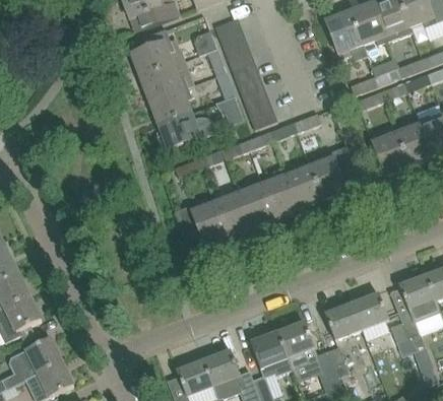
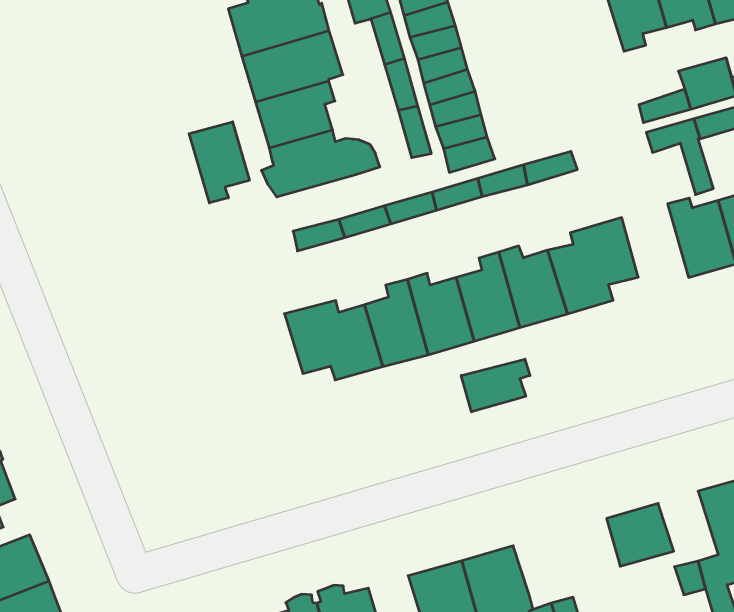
building: none -> [189,122,249,203]
building: none -> [461,359,530,412]
building: [324,304,361,339] -> none

